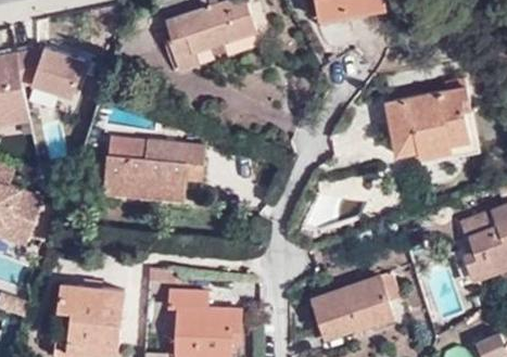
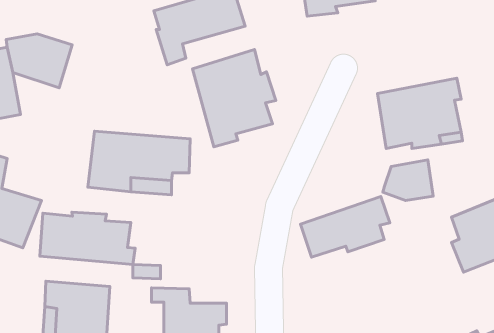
building: none -> [193,49,276,147]
building: none -> [383,160,433,200]
building: none -> [40,212,135,265]
building: [313,272,401,332] -> [301,197,390,257]

